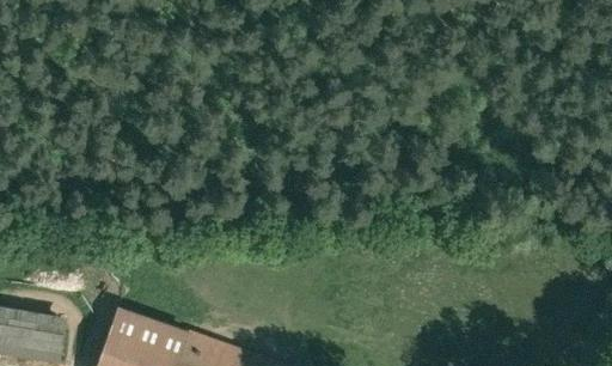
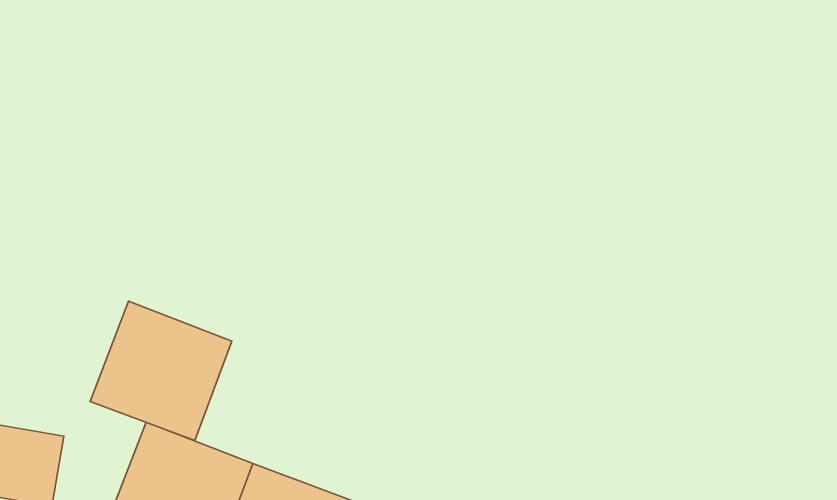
building: none -> [90,301,232,440]

